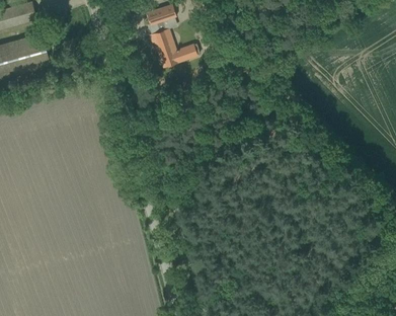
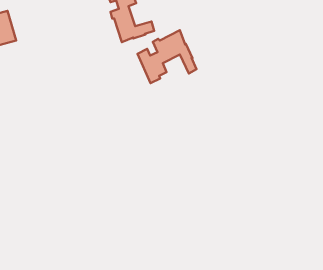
building: none -> [137,30,197,83]

